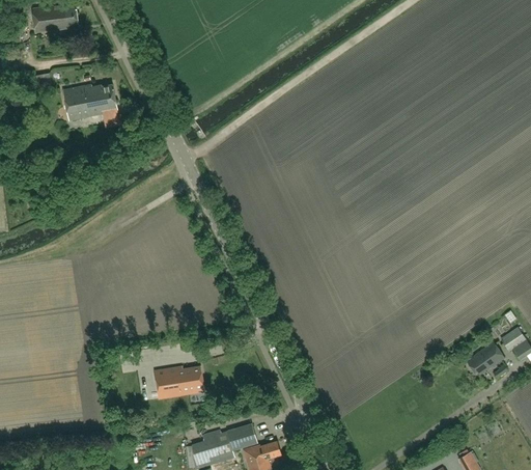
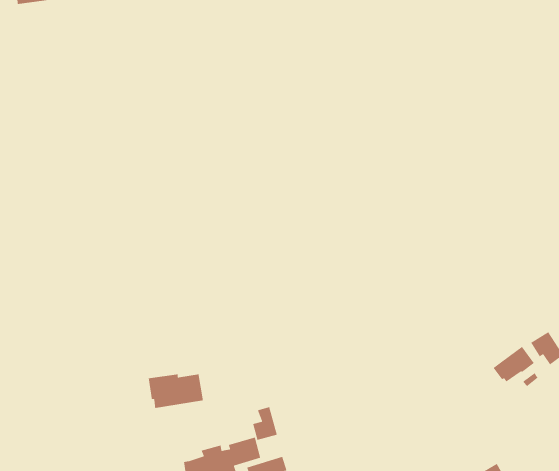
building: [61,84,117,123] -> none
building: none -> [252,406,278,441]

